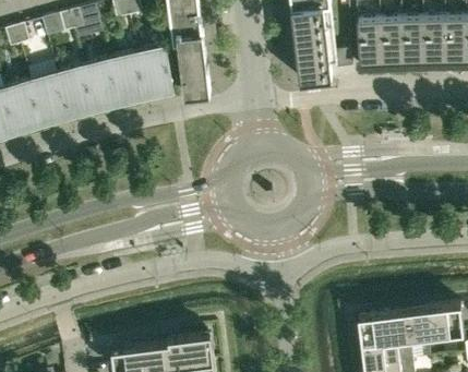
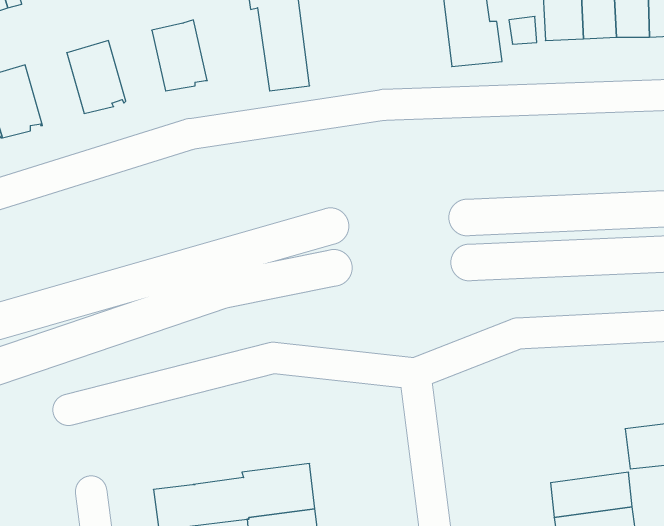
building: [136,47,172,92] -> none
building: [83,59,119,104] -> none
building: [31,73,68,119] -> none
building: [358,310,411,344] -> none

